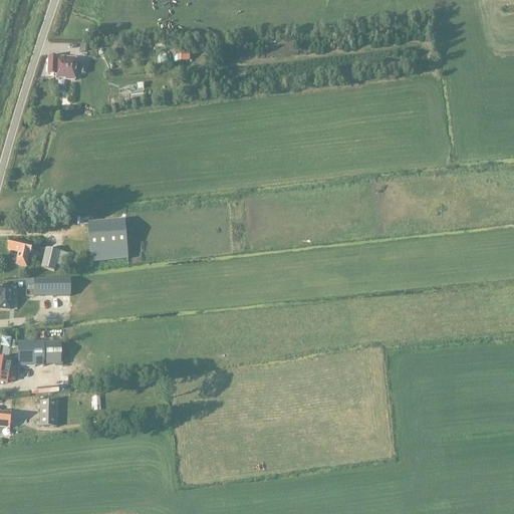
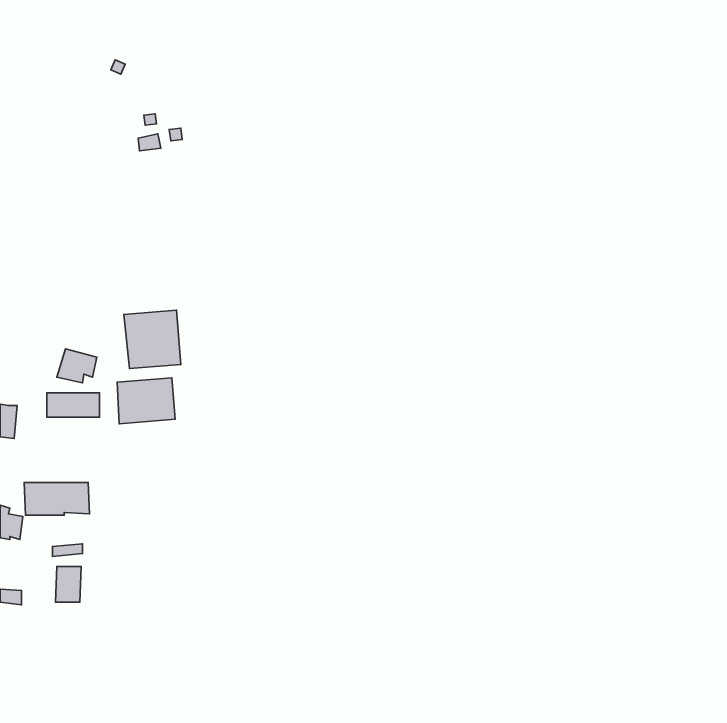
building: [47,55,75,79] -> none
building: [6,238,33,265] -> none
building: none -> [117,378,175,424]

